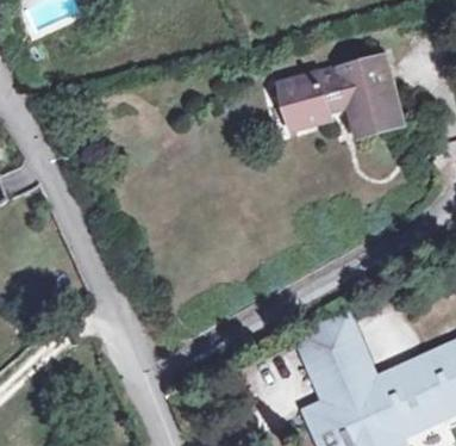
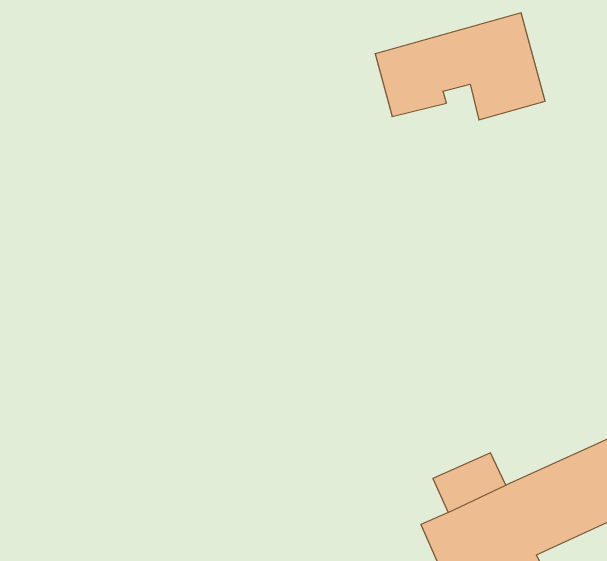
building: [301,321,361,382] -> none

